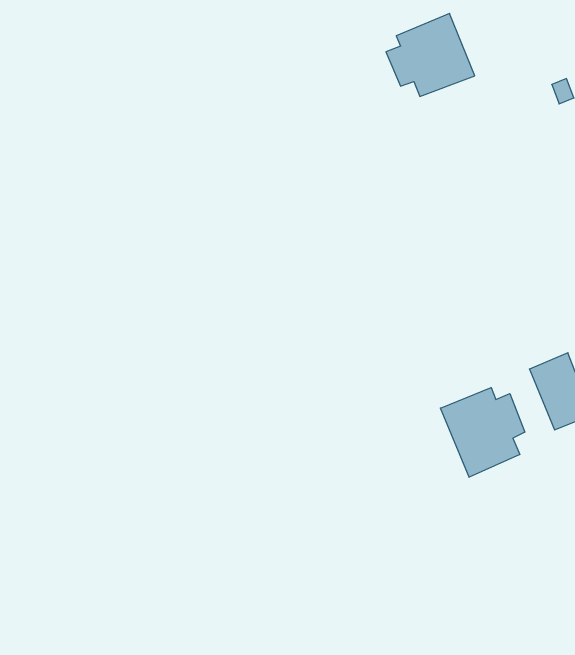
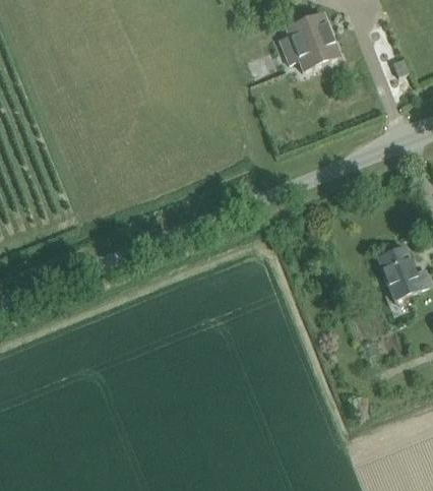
building: [440,388,525,477] -> none

